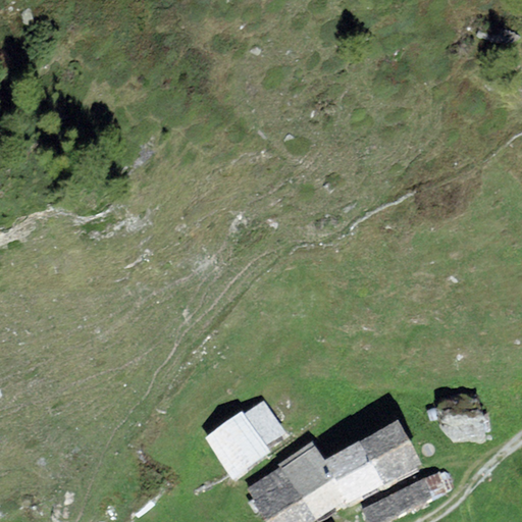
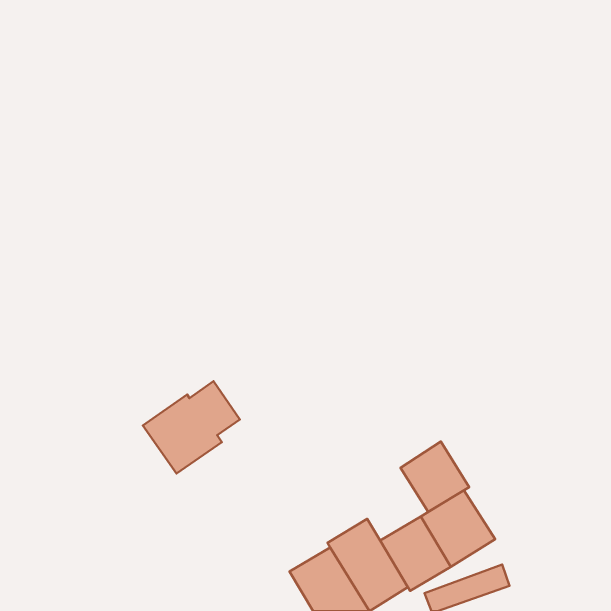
building: none -> [400,441,469,512]
building: [204,400,286,478] -> [143,381,240,473]

